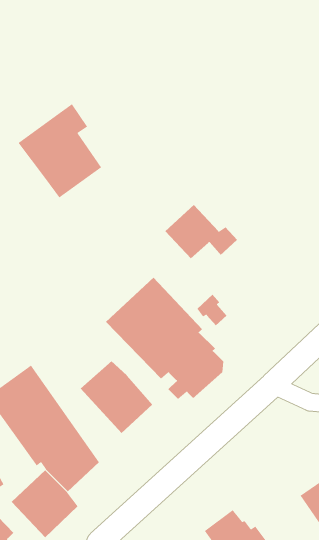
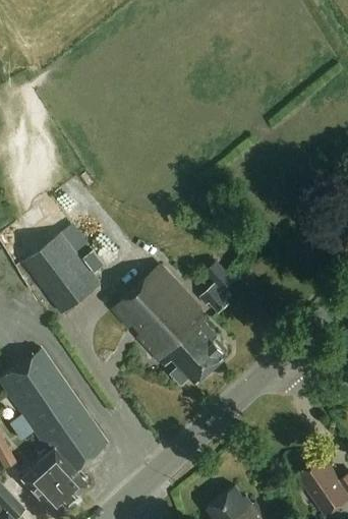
building: [17,103,102,199] -> [19,222,100,312]
building: [165,204,238,259] -> none
building: [80,360,153,434] -> none

